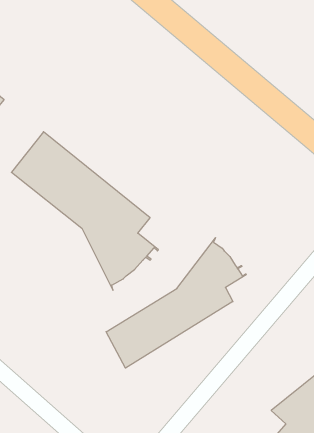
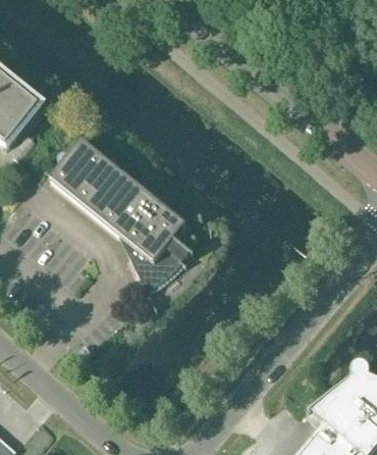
building: [106,238,246,368] -> none

